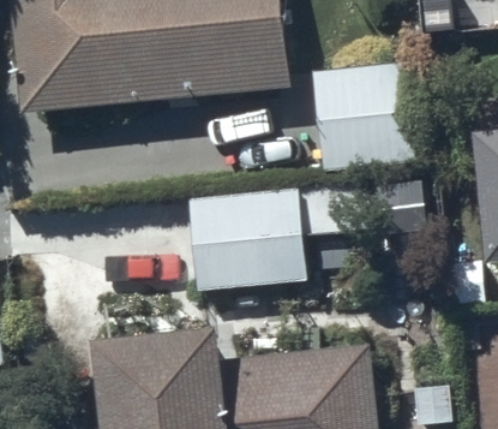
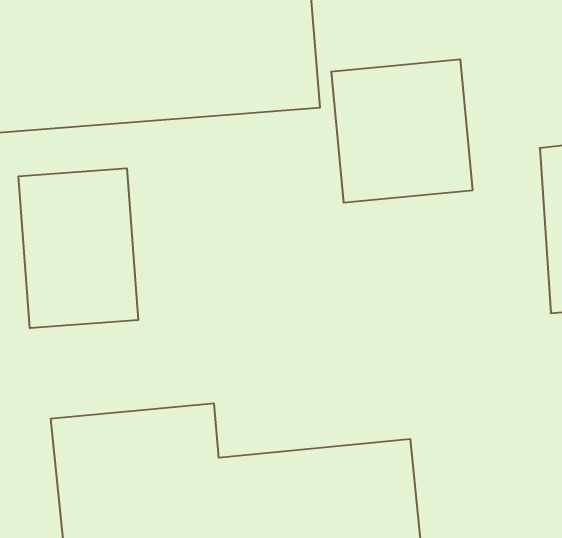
building: none -> [19,168,138,328]
building: [180,179,367,284] -> none

